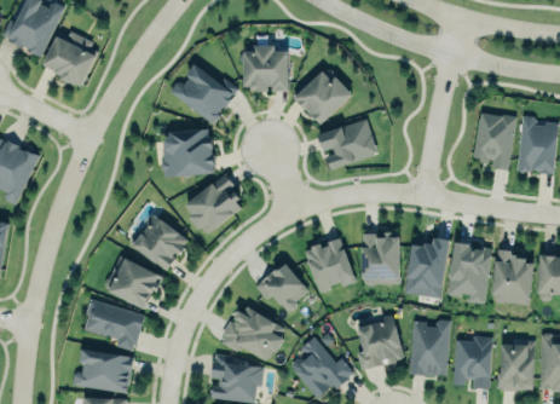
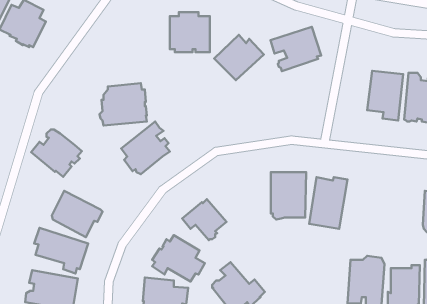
building: [169,64,237,126] -> none
building: [318,119,377,171] -> [270,27,321,71]
building: [128,215,187,271] -> [31,129,82,177]
building: [302,236,357,294] -> none
building: [448,244,491,305] -> none
building: [491,249,533,305] -> none
building: [357,318,404,370] -> none
building: [409,319,450,376] -> none

